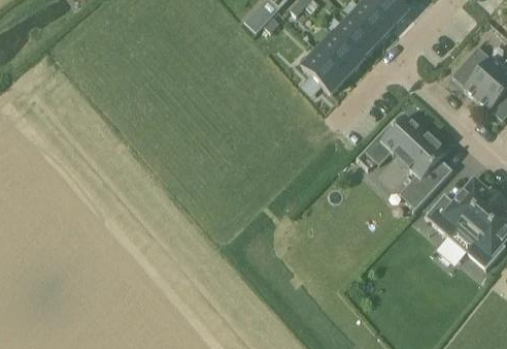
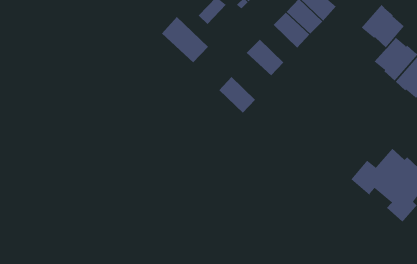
building: none -> [361,4,404,48]
building: none -> [161,16,209,63]
building: [317,32,362,76] -> [218,76,256,114]
building: [364,114,452,199] -> none

